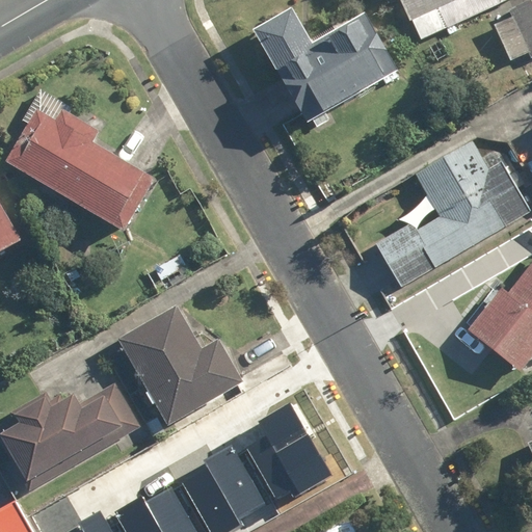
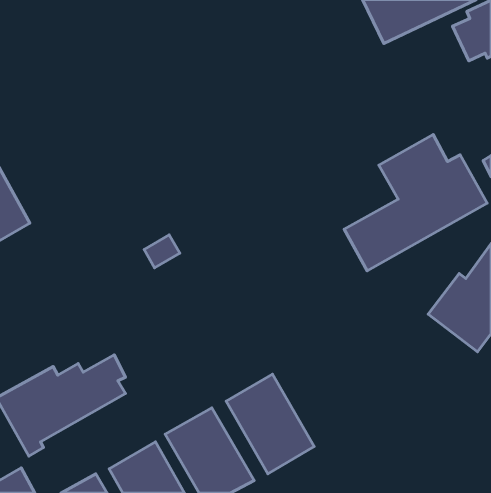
building: [241,11,391,127] -> none
building: [18,106,164,228] -> none
building: [125,300,252,422] -> none

